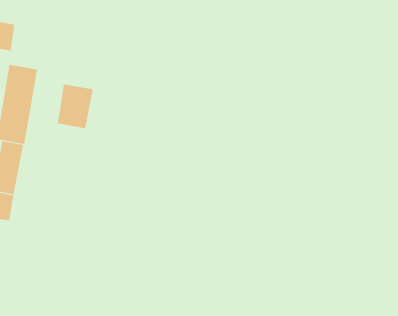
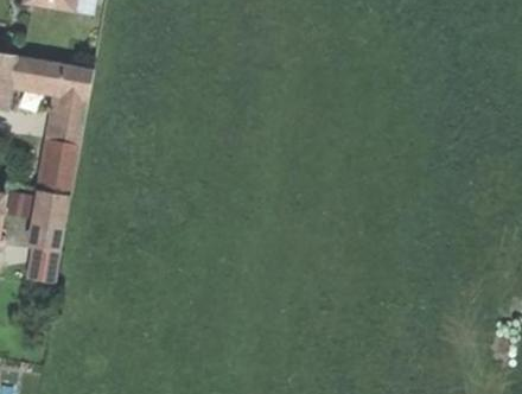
building: [57,84,93,129] -> [50,64,90,114]

